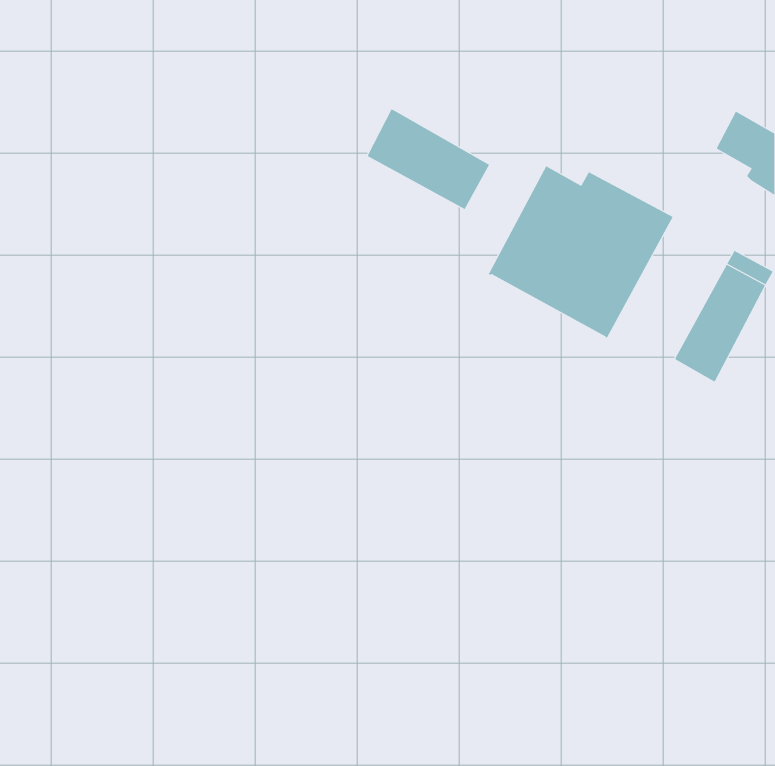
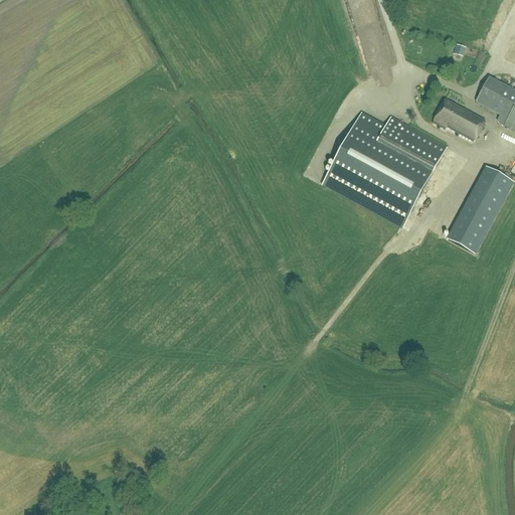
building: [367,109,490,210] -> none
building: none -> [433,97,485,139]

